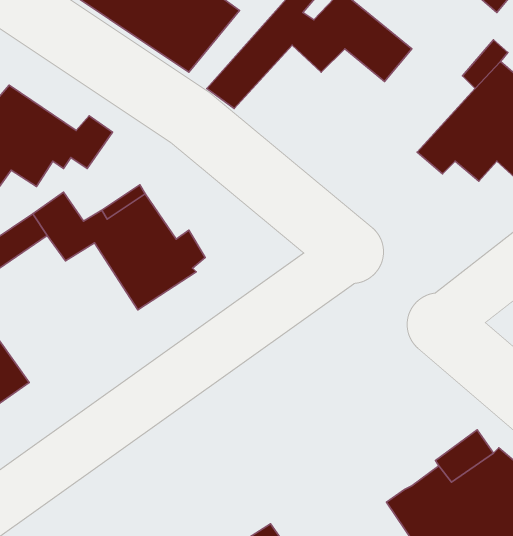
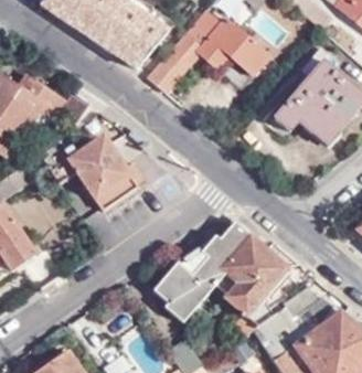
building: none -> [153,222,286,335]

